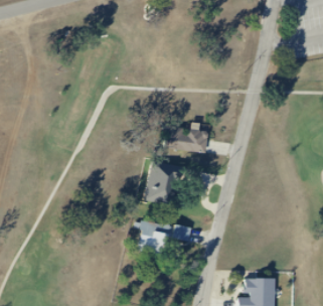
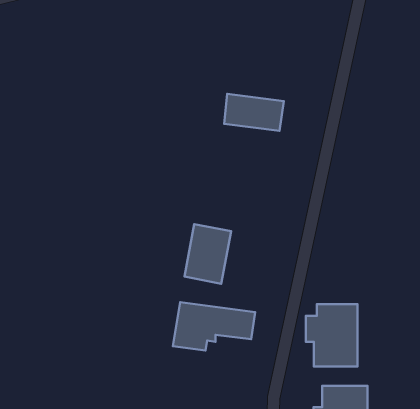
building: [165,129,207,155] -> [224,94,284,131]
building: none -> [306,304,357,366]

